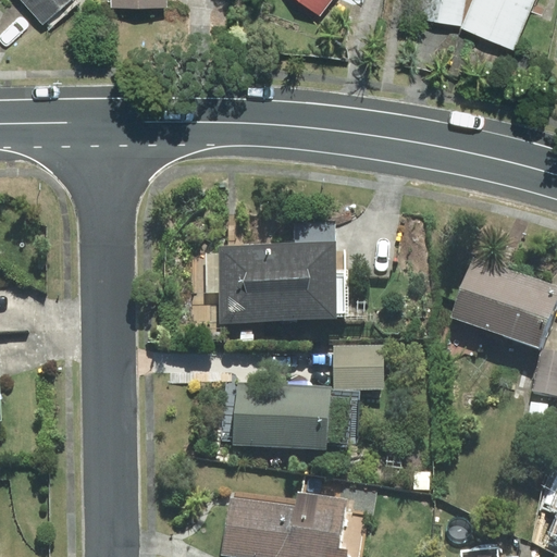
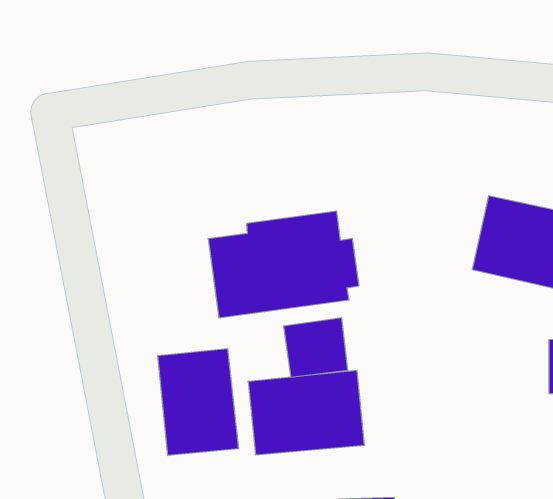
building: [331,343,384,391] -> [283,318,348,377]
building: none -> [158,349,239,456]

